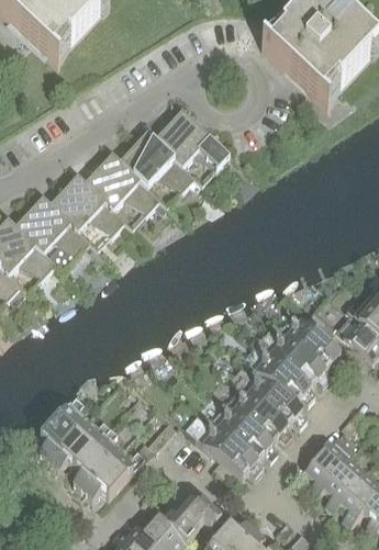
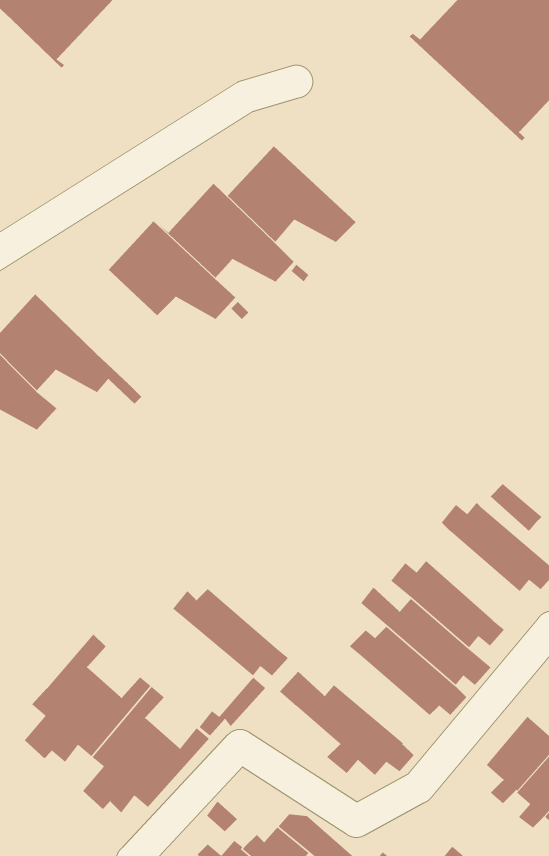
building: [43,177,125,234] -> none
building: [265,337,333,389] -> none
building: [212,409,280,461] -> [172,588,289,677]

